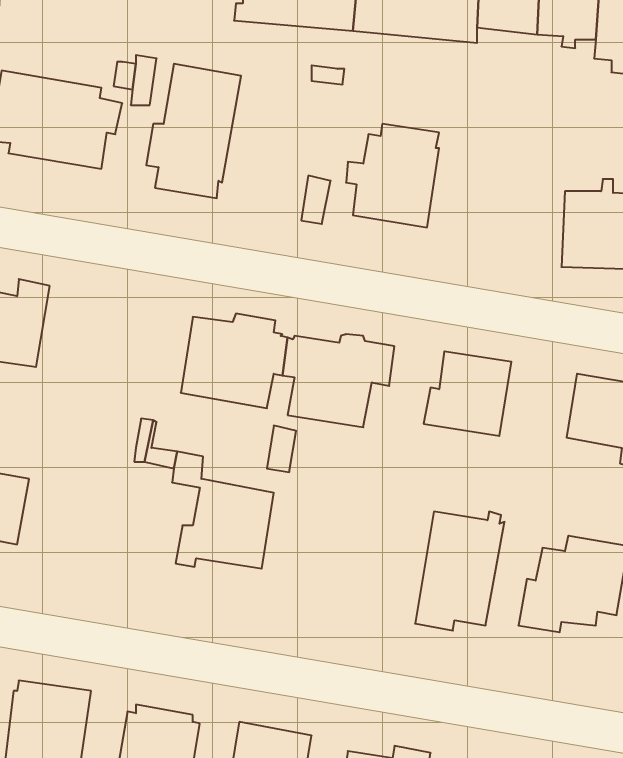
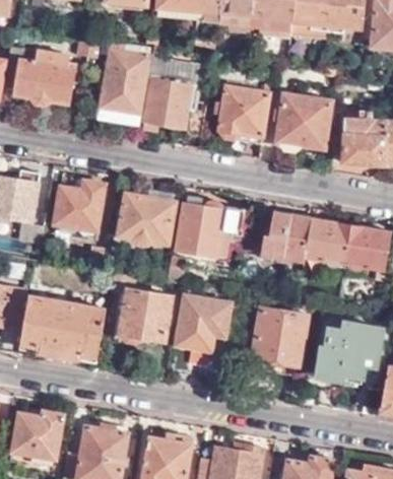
building: none -> [144,40,207,131]
building: none -> [276,96,330,150]
building: none -> [54,178,104,231]
building: none -> [304,219,350,269]
building: none -> [172,288,232,373]
building: none -> [20,296,105,356]

